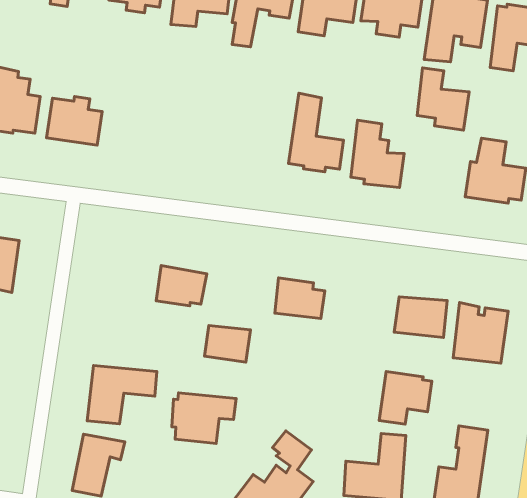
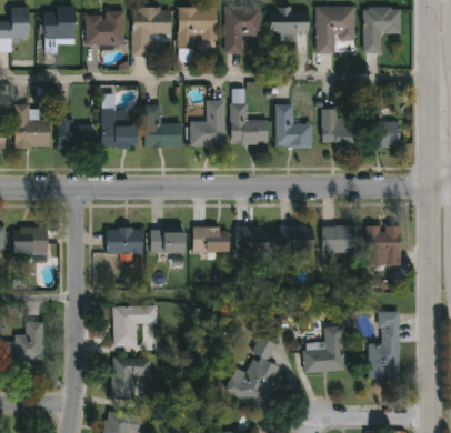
building: none -> [92,88,137,149]
building: [417,68,469,130] -> [321,110,357,150]
building: none -> [144,105,180,149]
building: none -> [191,102,226,147]
building: none -> [107,226,142,262]
building: [205,325,251,362] -> [200,228,230,251]
building: [379,371,432,424] -> [280,225,313,261]
building: [172,393,236,443] -> none

